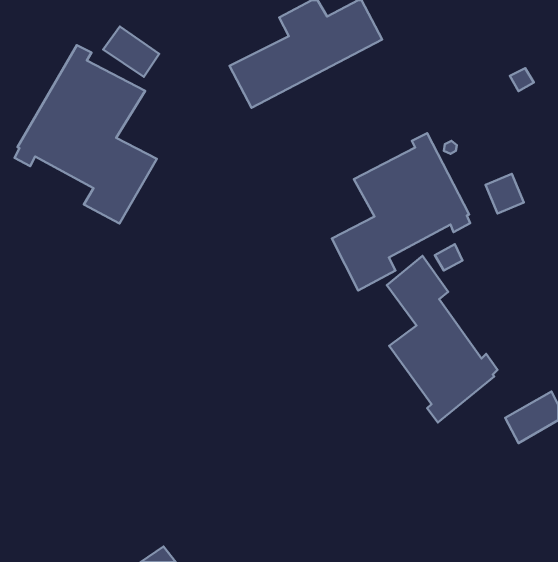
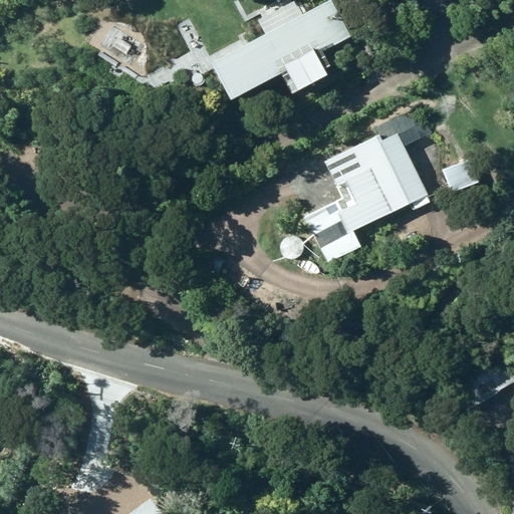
building: [15,45,157,223] -> none
building: [387,256,498,422] -> none

